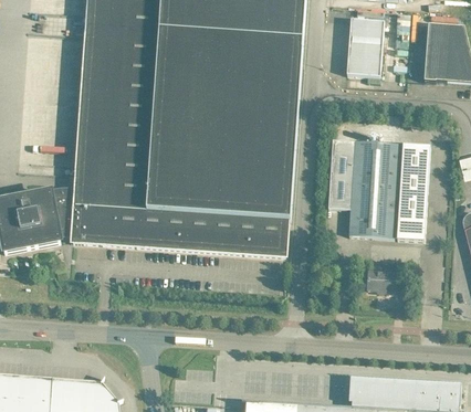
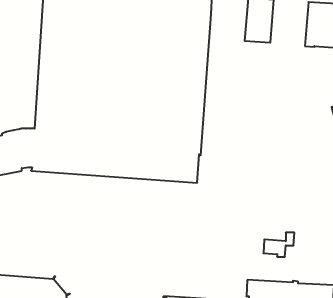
building: [327,139,430,240] -> none
building: [367,262,407,293] -> [263,233,294,257]

